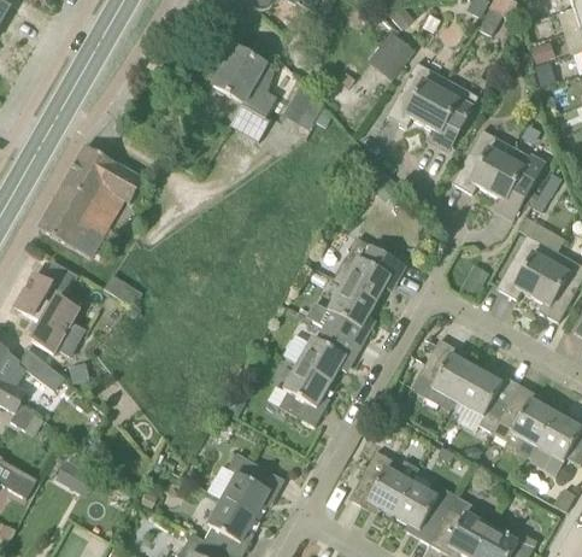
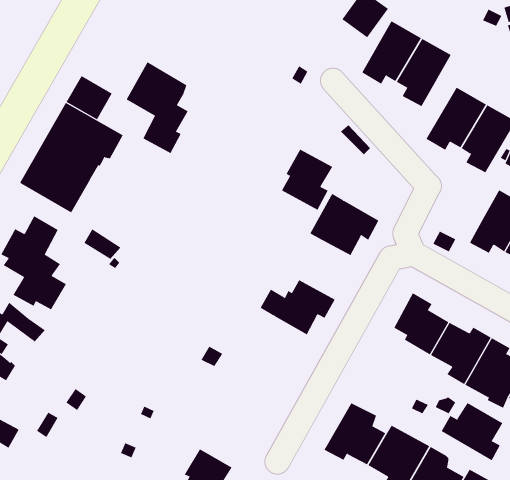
building: [213,47,277,141] -> [126,62,189,154]
building: [282,86,324,129] -> none
building: none -> [66,75,113,120]
building: [323,283,376,346] -> [281,149,333,210]
building: [268,363,331,426] -> none
building: none -> [441,402,503,461]
building: [222,453,284,517] -> none

